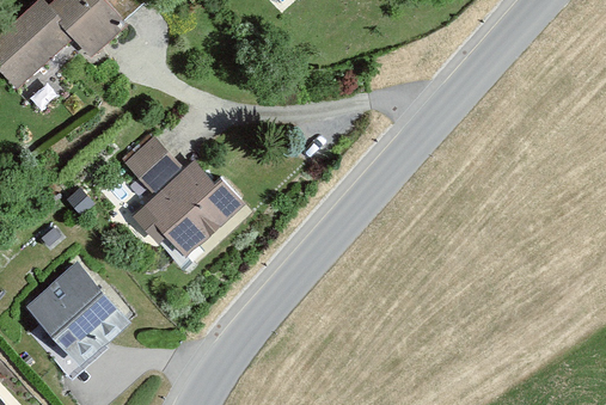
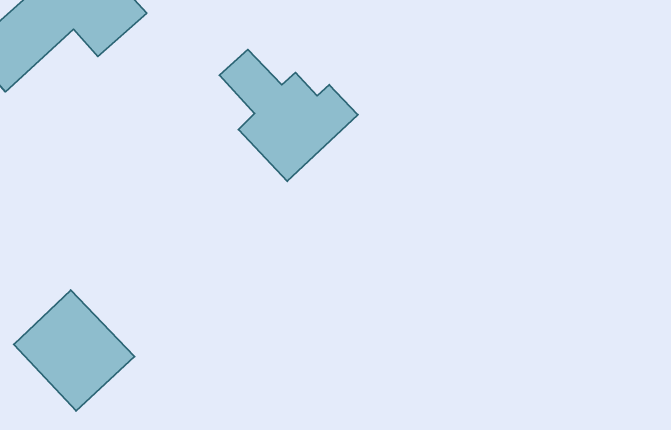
building: [123,145,245,260] -> [219,50,358,181]

